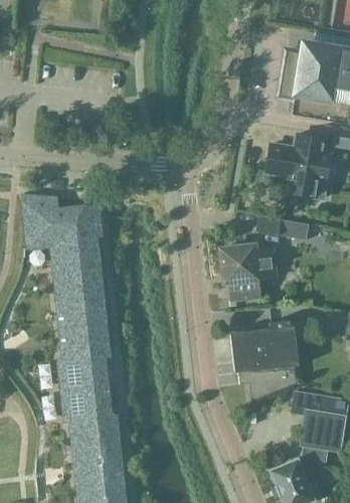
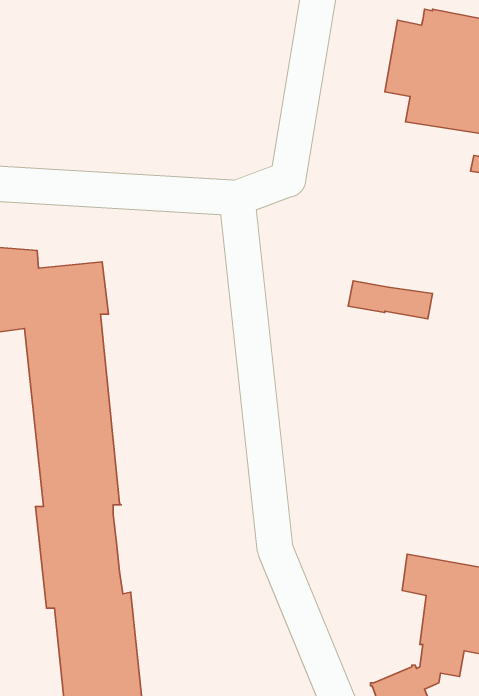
building: [266,134,330,198] -> none
building: [220,245,277,301] -> none
building: [230,320,299,400] -> none

